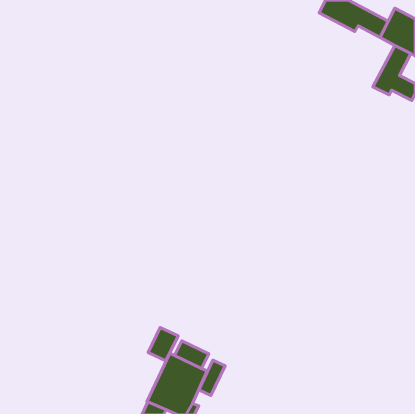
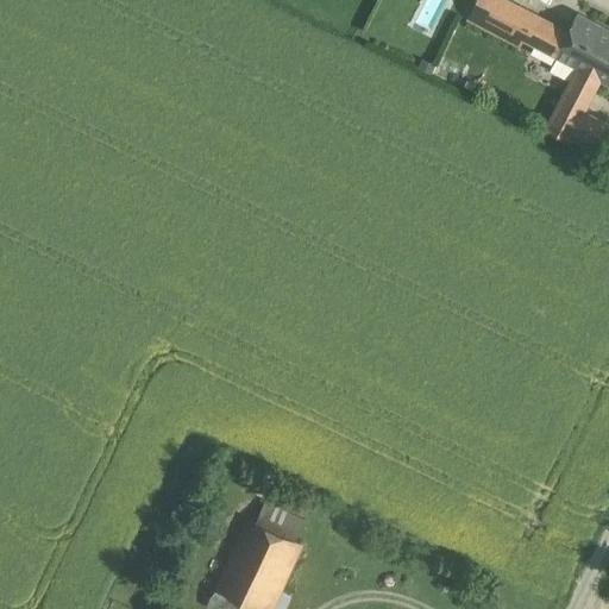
building: [148,328,178,361] -> none
building: [199,360,225,395] -> none

